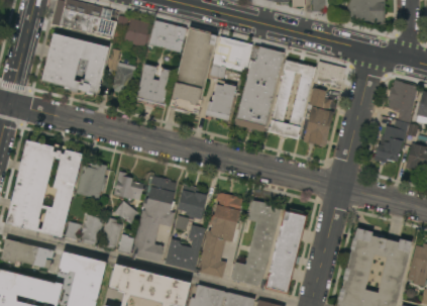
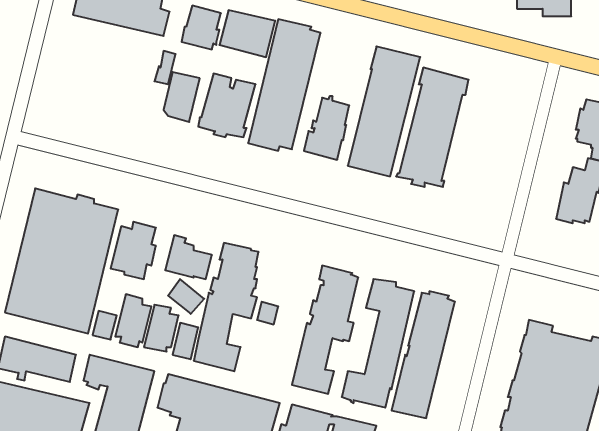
building: [41,33,109,96] -> none
building: [209,36,252,80] -> none
building: [314,62,345,88] -> none
building: [303,88,333,147] -> none
building: [177,185,207,219] -> none
building: [165,225,205,271] -> none

